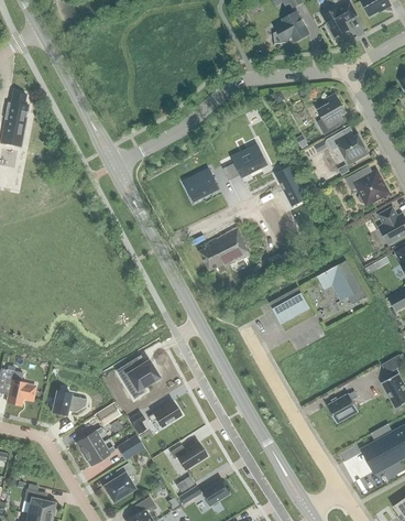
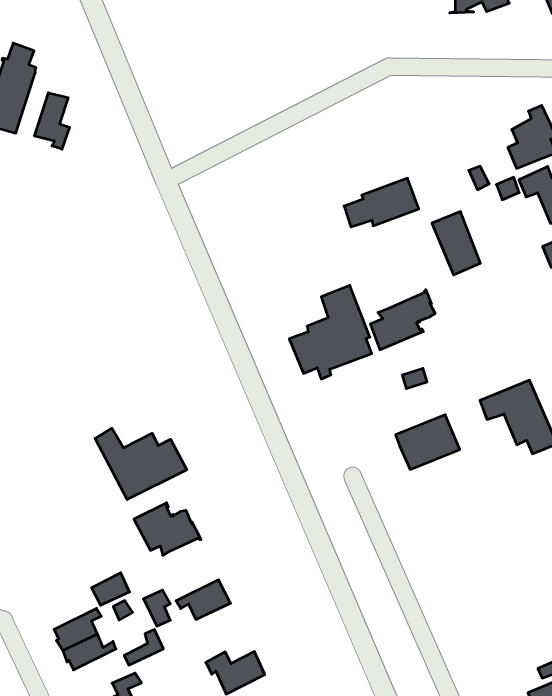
building: none -> [35,93,70,149]
building: [184,171,219,202] -> none
building: none -> [371,290,435,350]
building: none -> [95,428,187,500]
building: [51,390,86,414] -> none
building: [326,393,358,423] -> none

